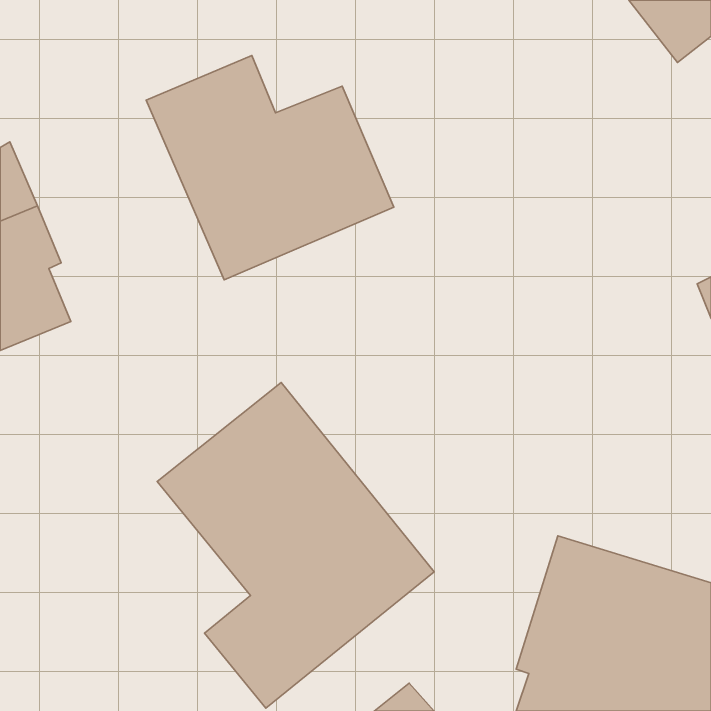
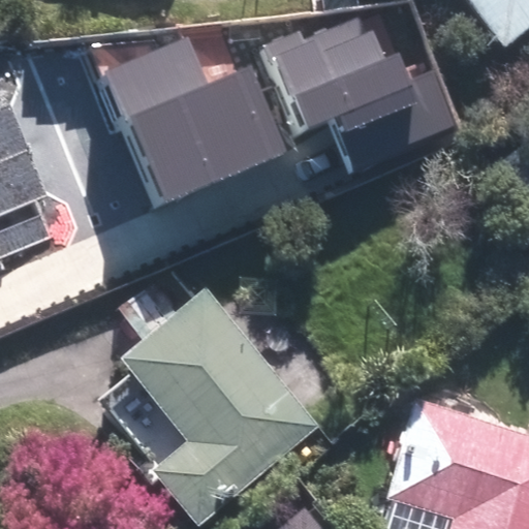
building: none -> [263,20,458,168]

